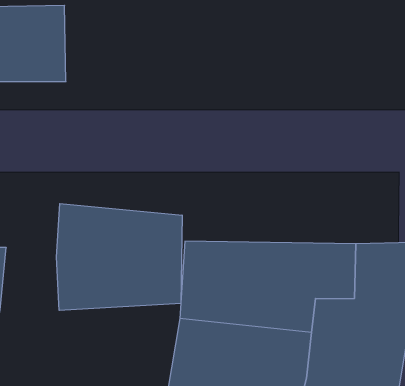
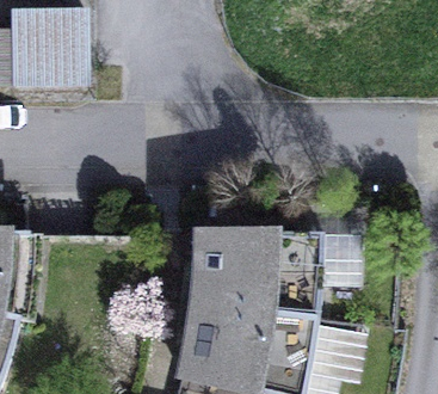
building: [56,204,182,310] -> none

